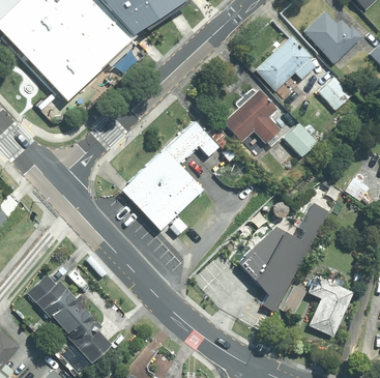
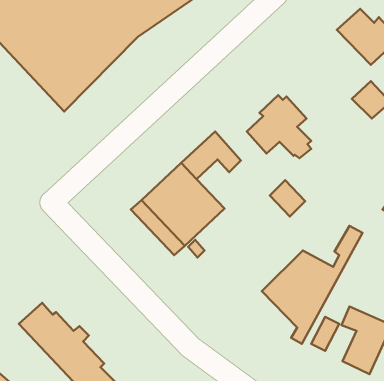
building: [257,36,317,91] -> none
building: [286,124,317,156] -> [270,180,305,216]

